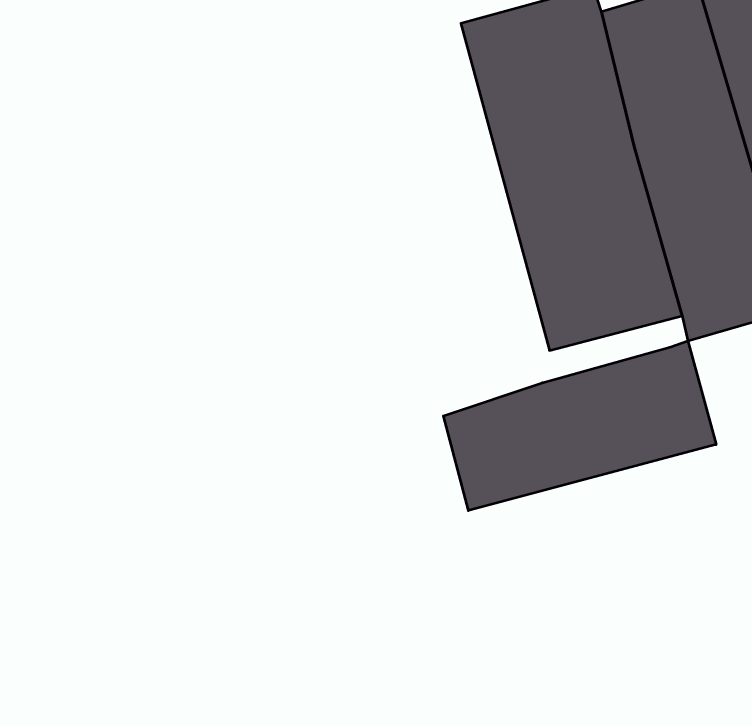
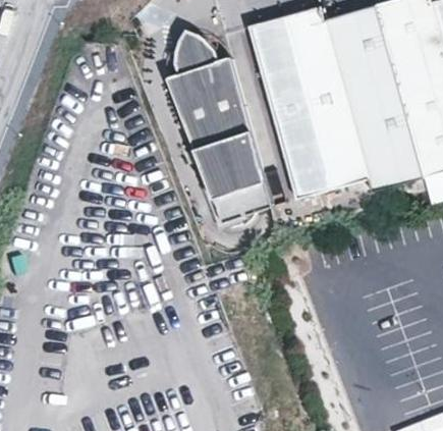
building: none -> [162,23,273,221]
building: [443,341,716,511] -> none

